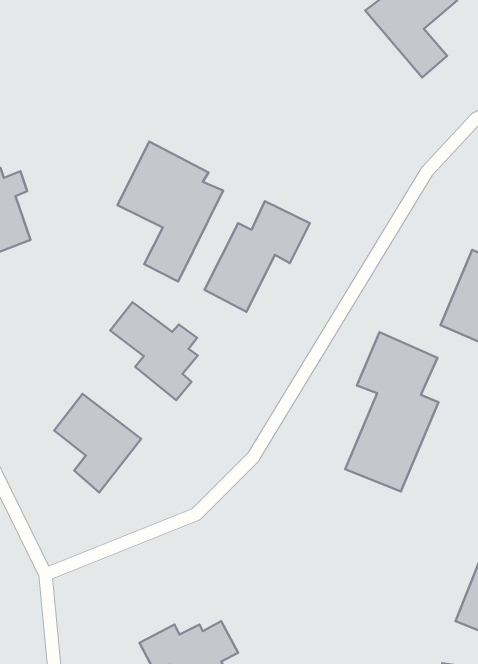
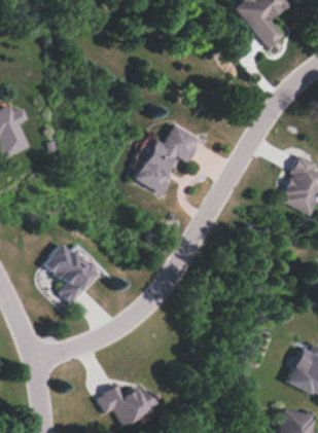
building: [117,142,223,281] -> none
building: [110,302,198,400] -> none
building: [345,332,438,491] -> none

